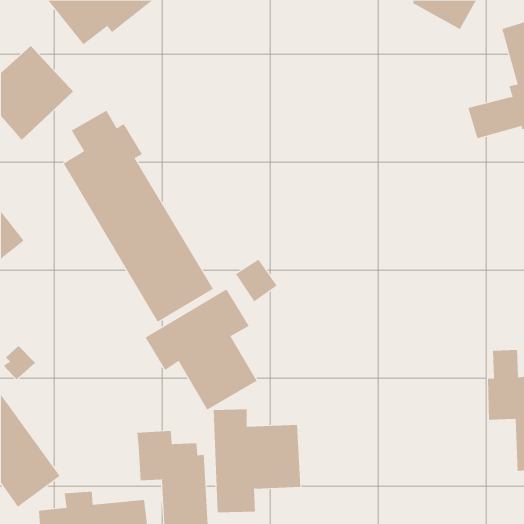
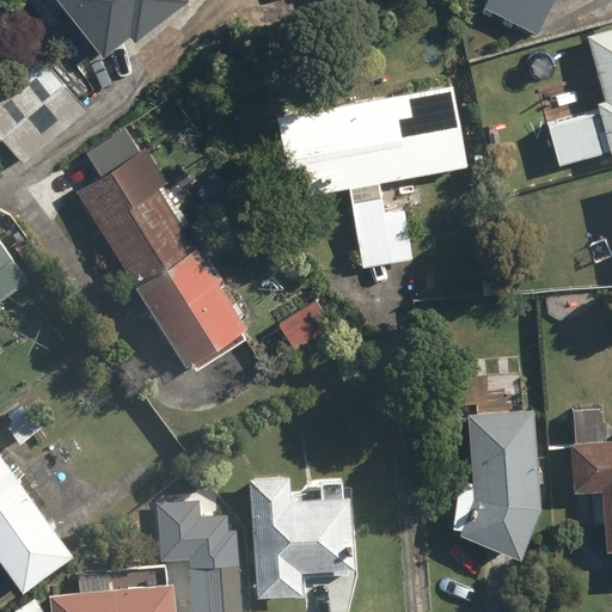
building: none -> [277,86,469,270]
building: [145,289,258,410] -> none
building: none -> [448,375,538,558]

